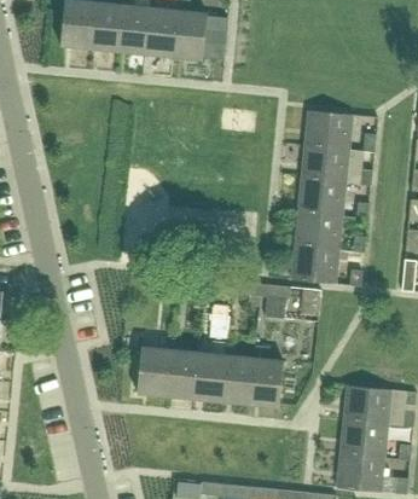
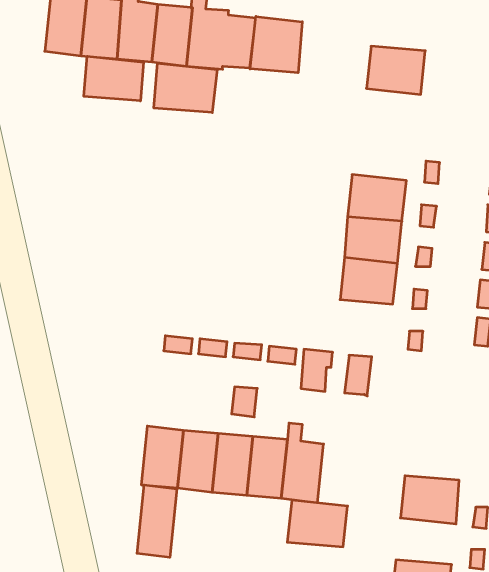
building: none -> [250,16,302,73]
building: none -> [84,56,143,101]
building: none -> [154,63,217,113]
building: [306,110,353,149] -> [366,46,425,94]
building: [292,244,338,283] -> none
building: none -> [137,485,177,557]
building: [341,419,389,457] -> [287,500,348,547]

